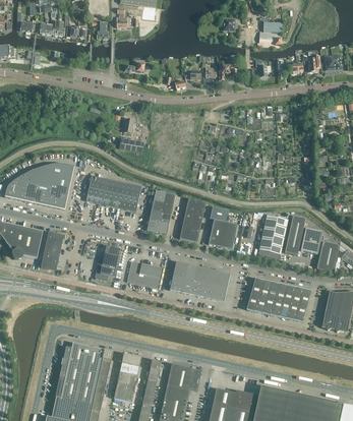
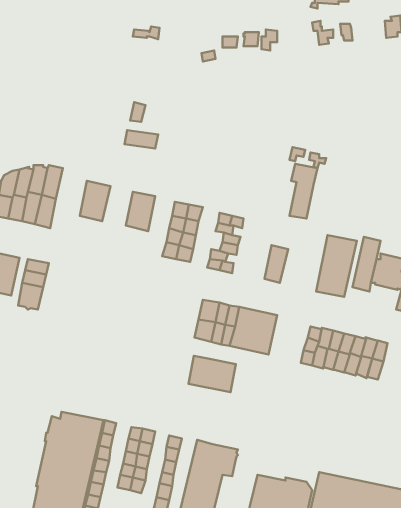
building: [103,179,125,207] -> none
building: [209,206,229,246] -> [290,164,318,218]
building: [95,245,120,280] -> none
building: [127,261,162,288] -> [188,356,236,392]

